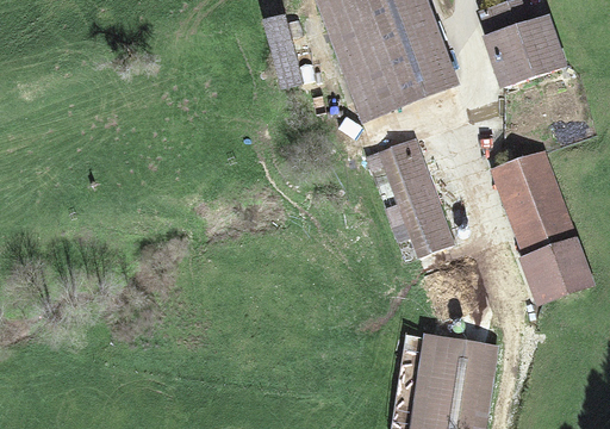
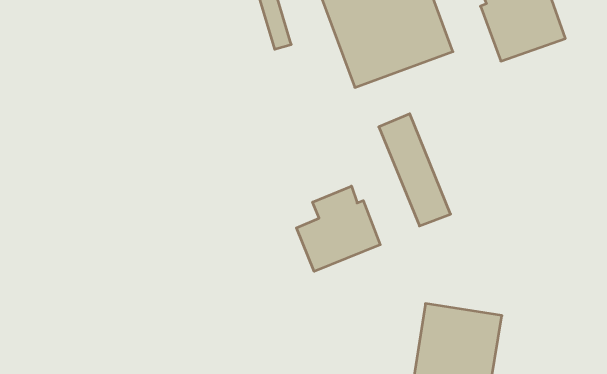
building: [491,153,587,300] -> none
building: none -> [296,186,380,271]

